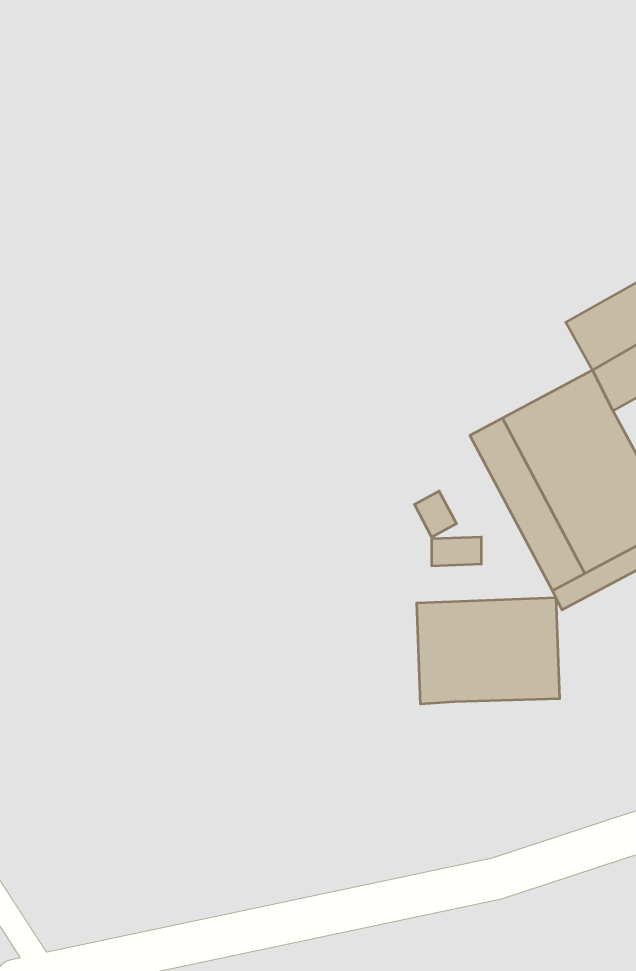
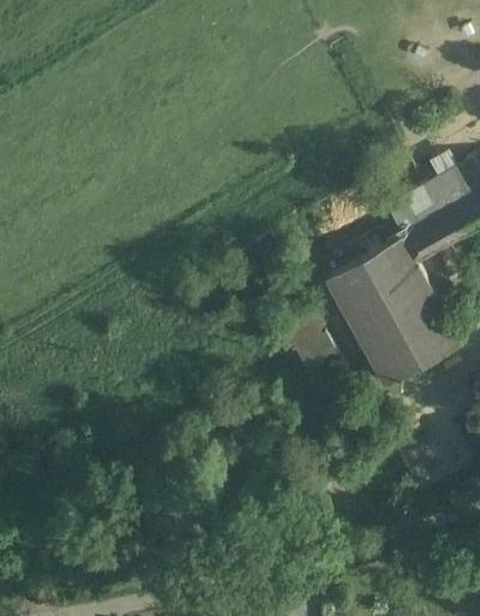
building: [417,598,560,704] -> none

